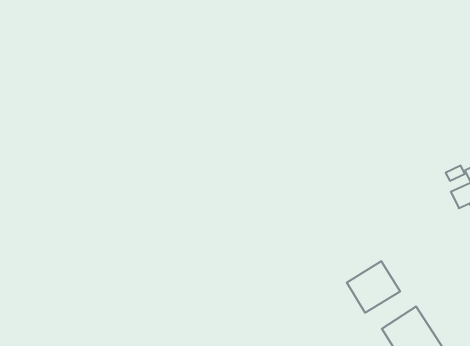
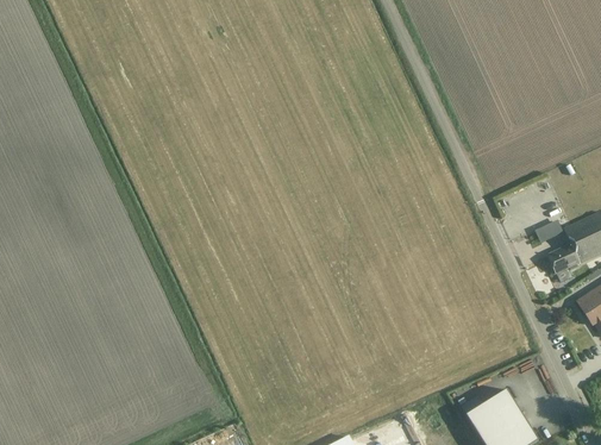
building: [347,261,400,313] -> none

